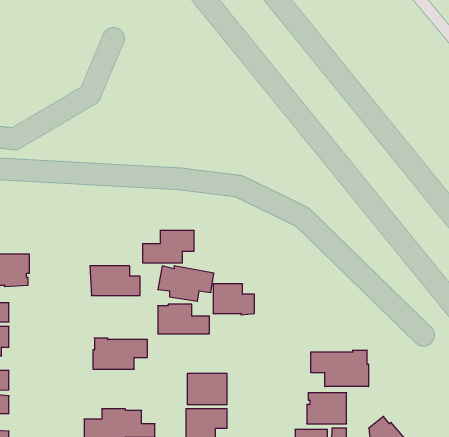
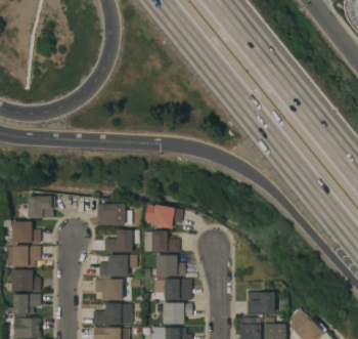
building: [143,230,194,263] -> [104,229,140,252]
building: [213,284,254,315] -> [156,255,185,277]
building: [311,350,368,387] -> none
building: none -> [95,279,123,300]

